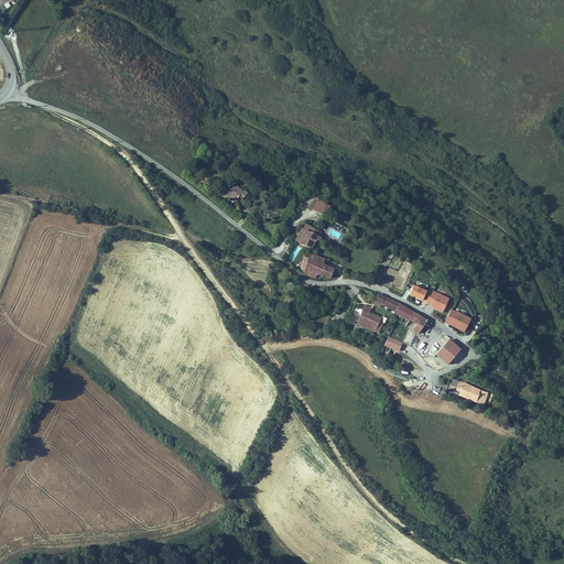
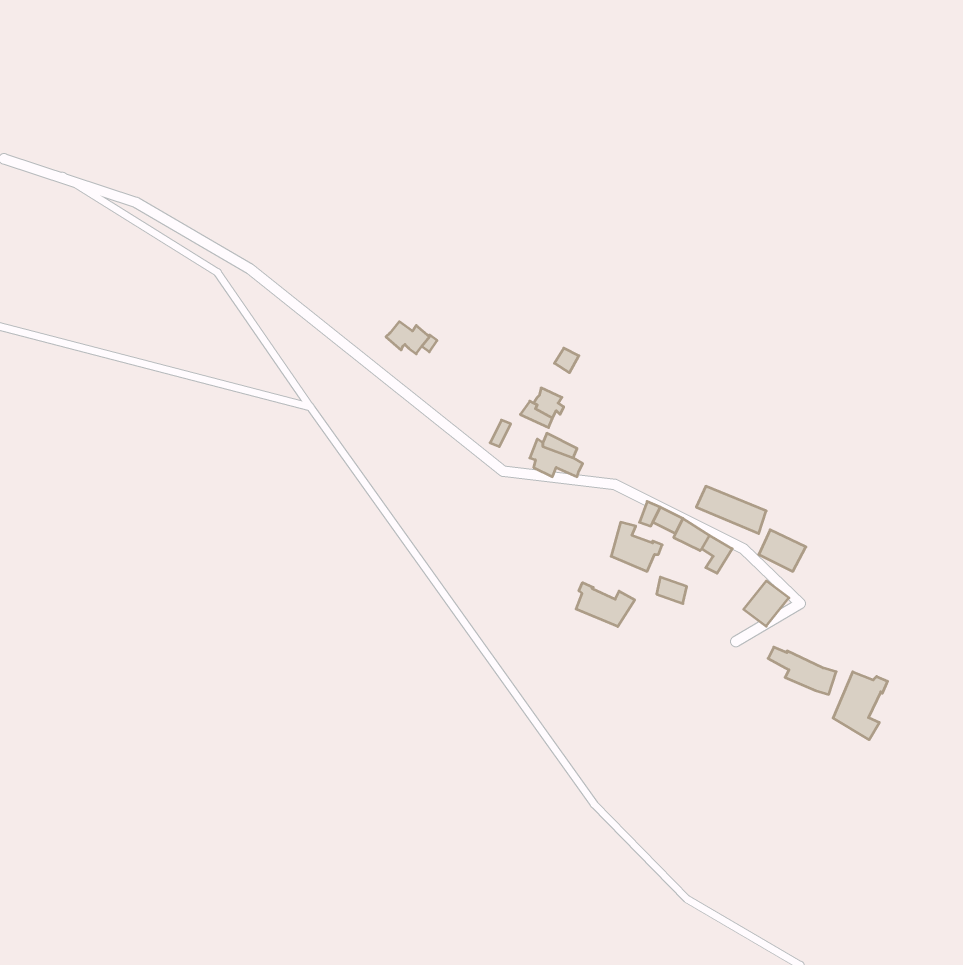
building: none -> [576,583,635,627]
building: none -> [833,672,888,740]

